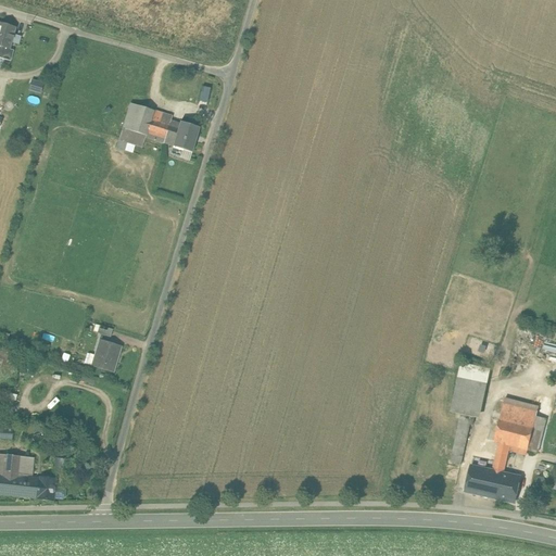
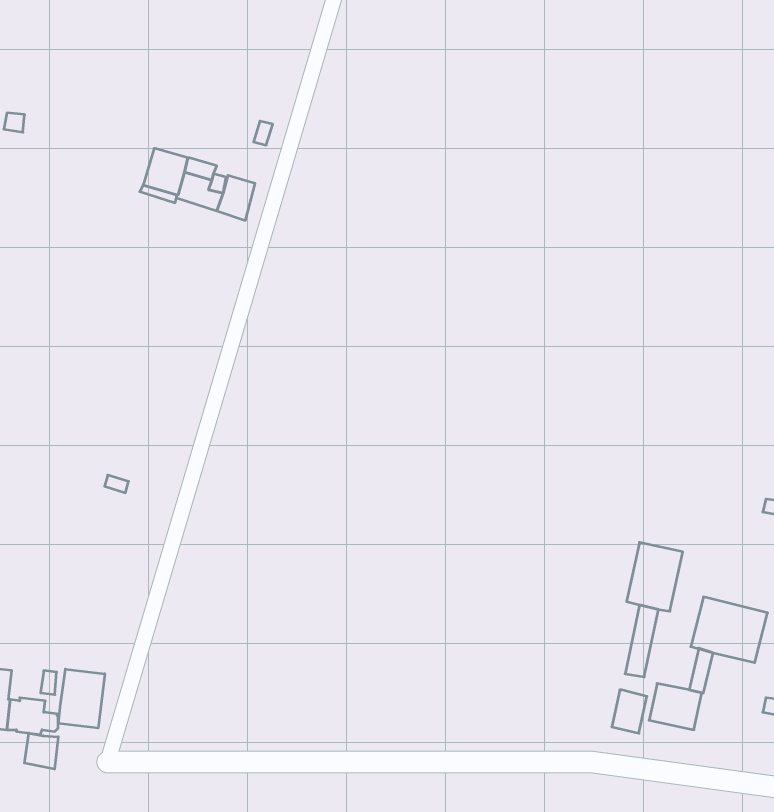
building: [91,339,119,370] -> none
building: none -> [59,669,105,728]
building: [495,471,519,501] -> [612,690,647,733]
building: none -> [24,733,58,769]

